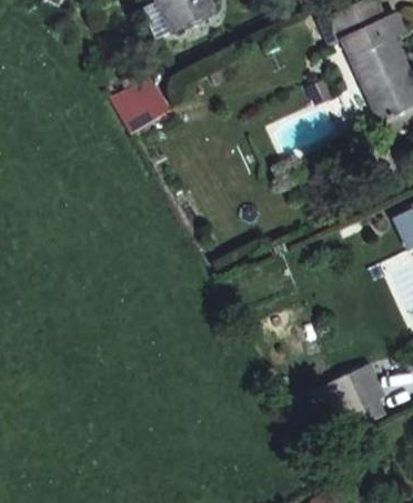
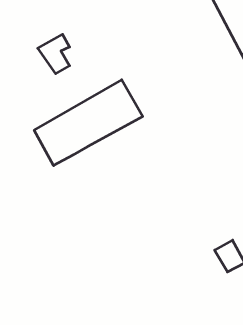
building: none -> [34,80,143,166]

